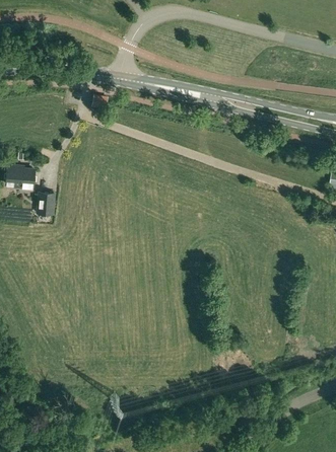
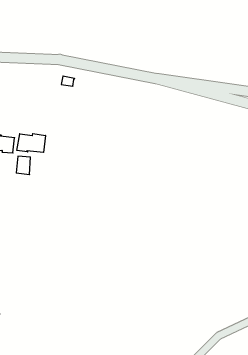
building: none -> [17,134,45,152]

